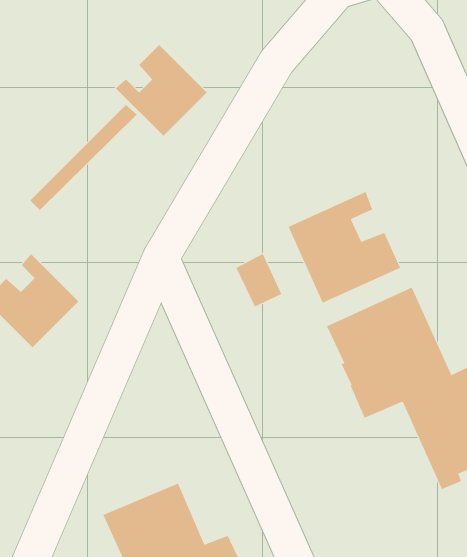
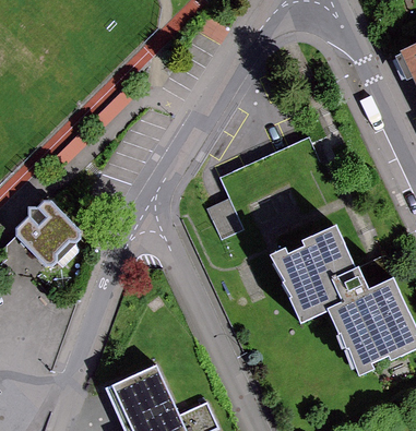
building: [115,44,207,137] -> none
building: [288,191,401,304] -> none

